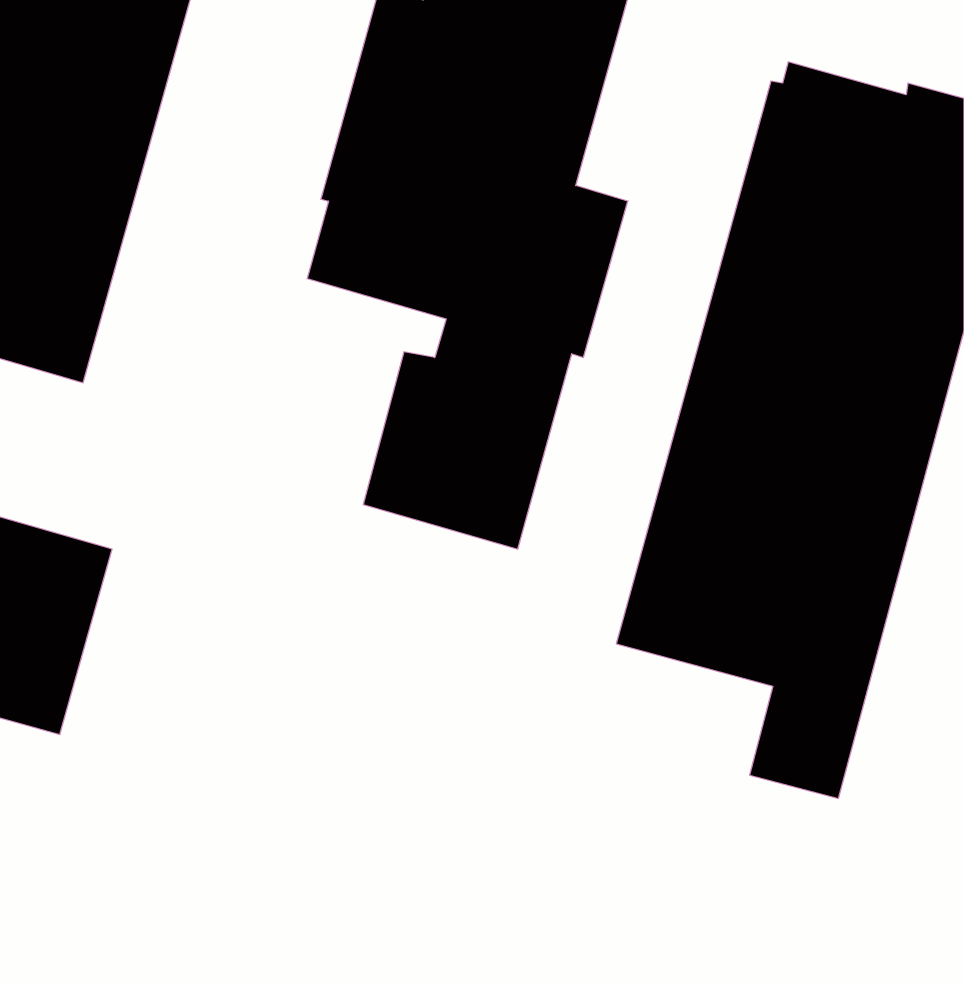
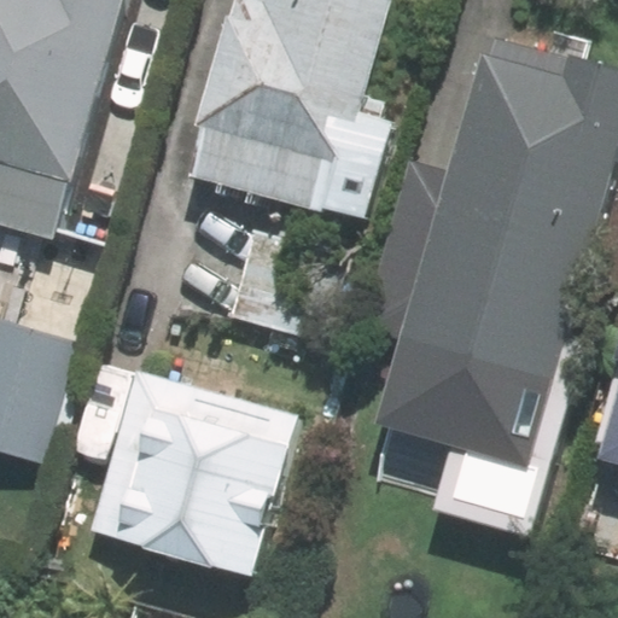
building: none -> [87,371,291,575]

